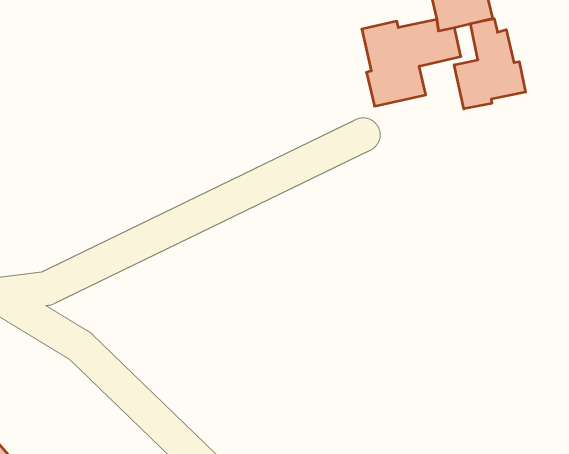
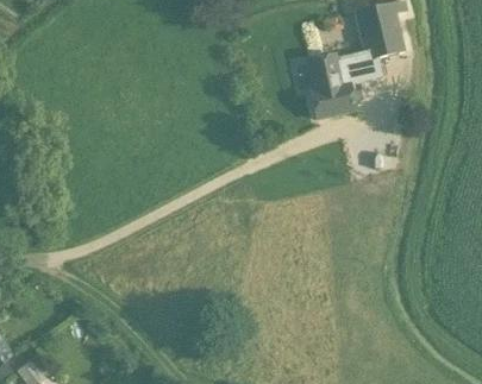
building: [454,19,526,109] -> none

